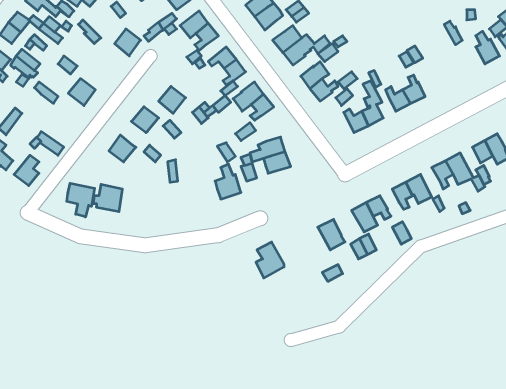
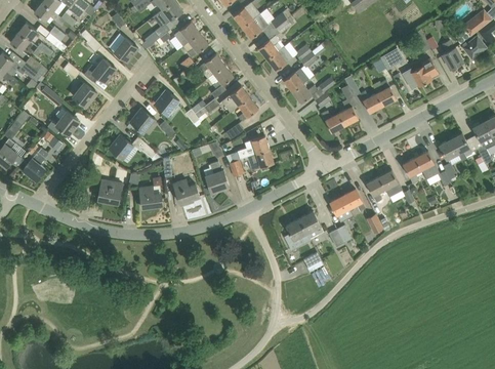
building: none -> [83,58,116,83]
building: none -> [402,58,438,89]
building: none -> [47,109,79,135]
building: [67,183,95,217] -> none
building: none -> [173,179,199,206]
building: none -> [139,186,162,208]
building: [256,242,284,278] -> [284,218,310,251]

